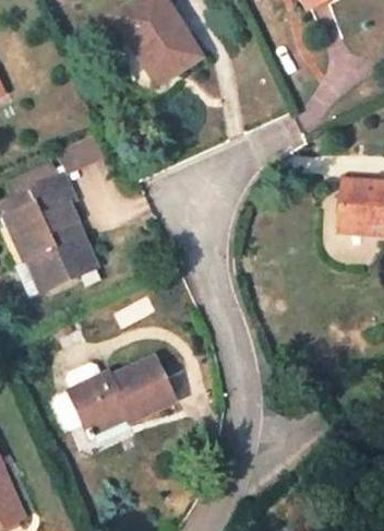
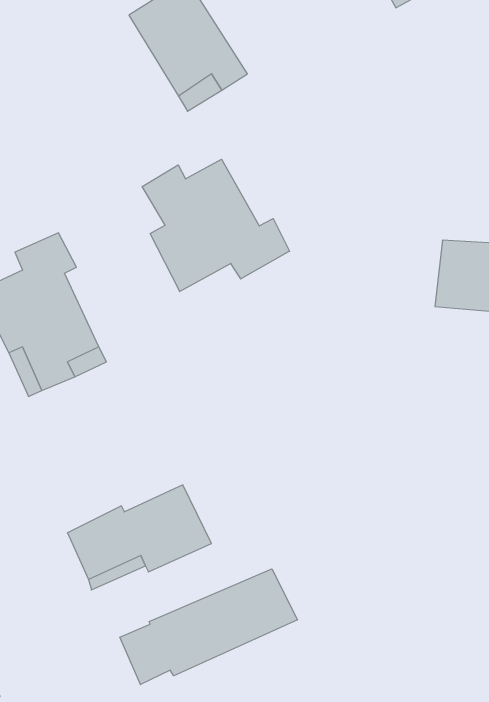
building: none -> [142,159,290,292]
building: none -> [120,569,297,685]

